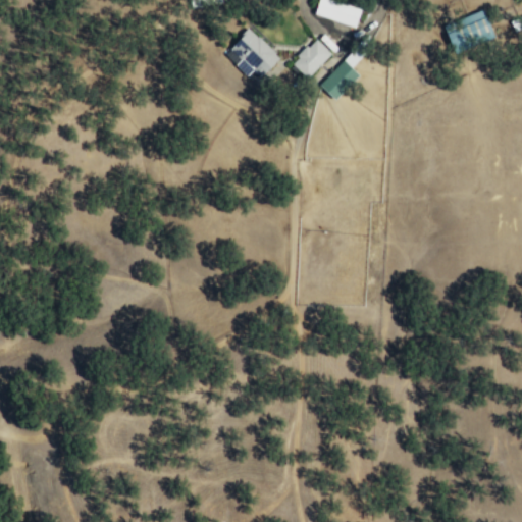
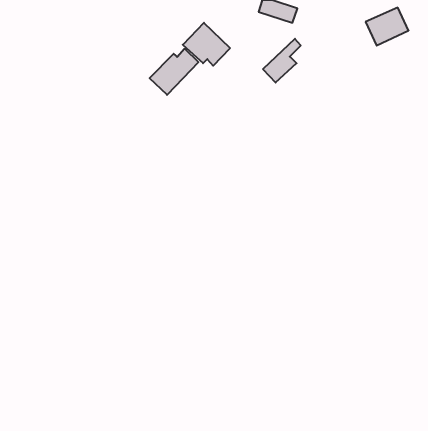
building: [293,39,332,80] -> none
building: none -> [150,49,198,95]

